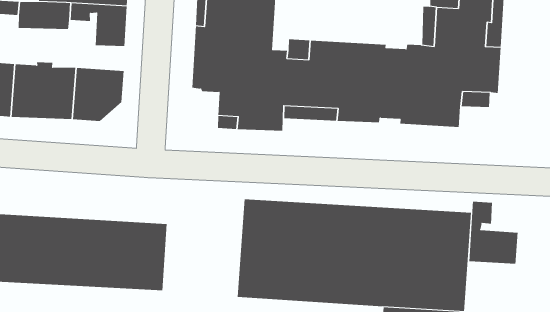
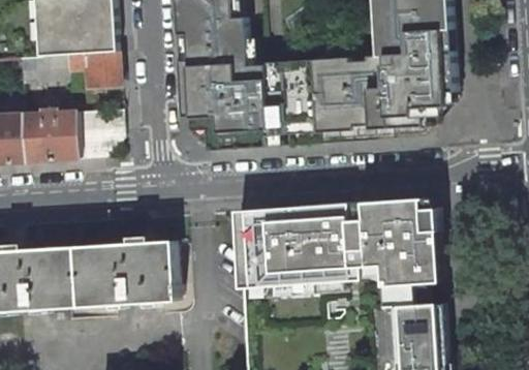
building: [469,201,518,264] -> none

